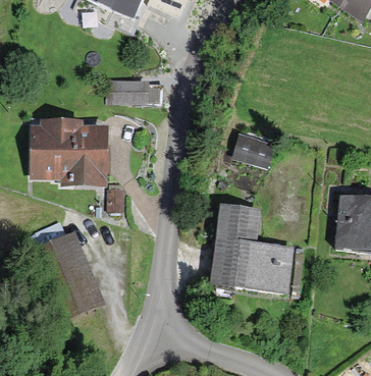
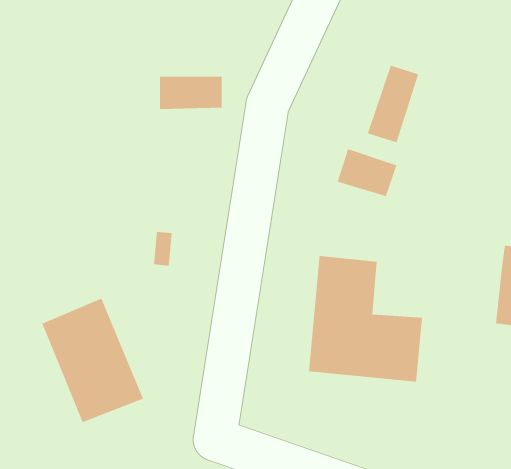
building: none -> [367,65,419,143]
building: [33,125,102,175] -> none

